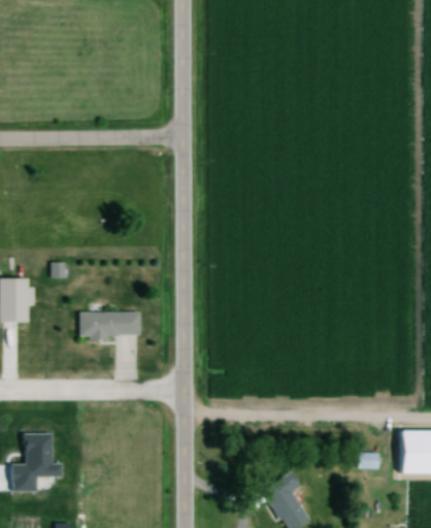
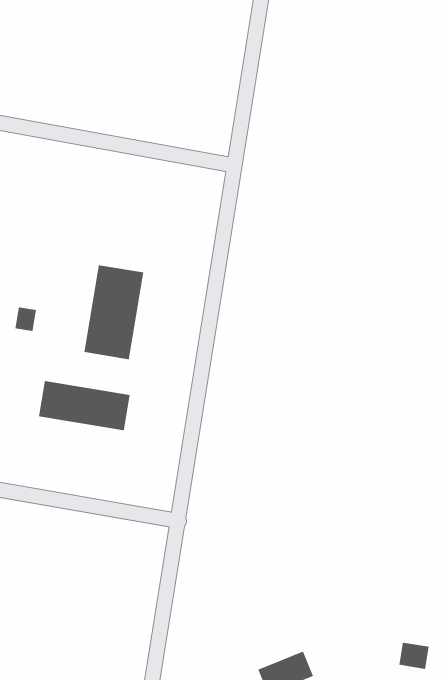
building: none -> [84,264,144,360]

